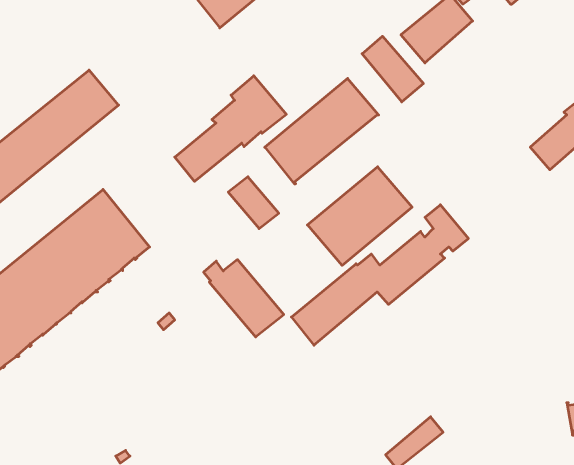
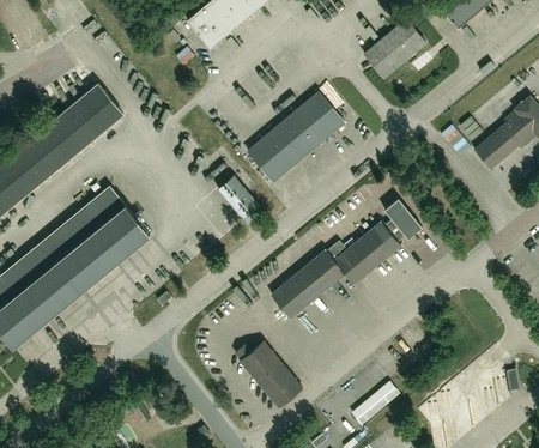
building: [362,36,423,102] -> none
building: [175,76,286,181] -> none
building: [307,167,412,265] -> none
building: [204,260,284,337] -> [235,343,303,408]

